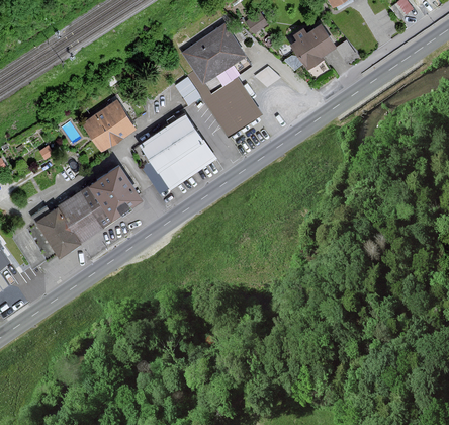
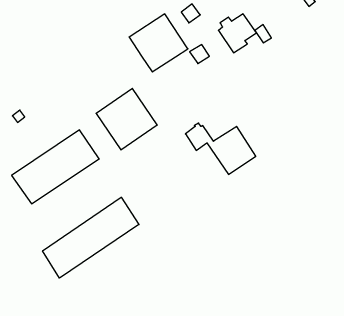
building: [174,72,260,135] -> [185,123,256,174]
building: [80,100,136,152] -> none
building: none -> [43,197,139,278]

